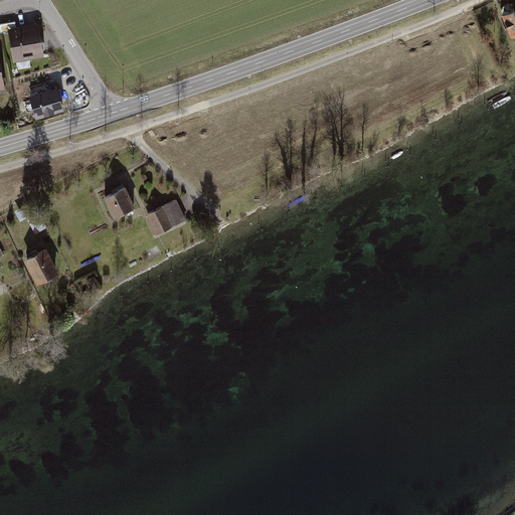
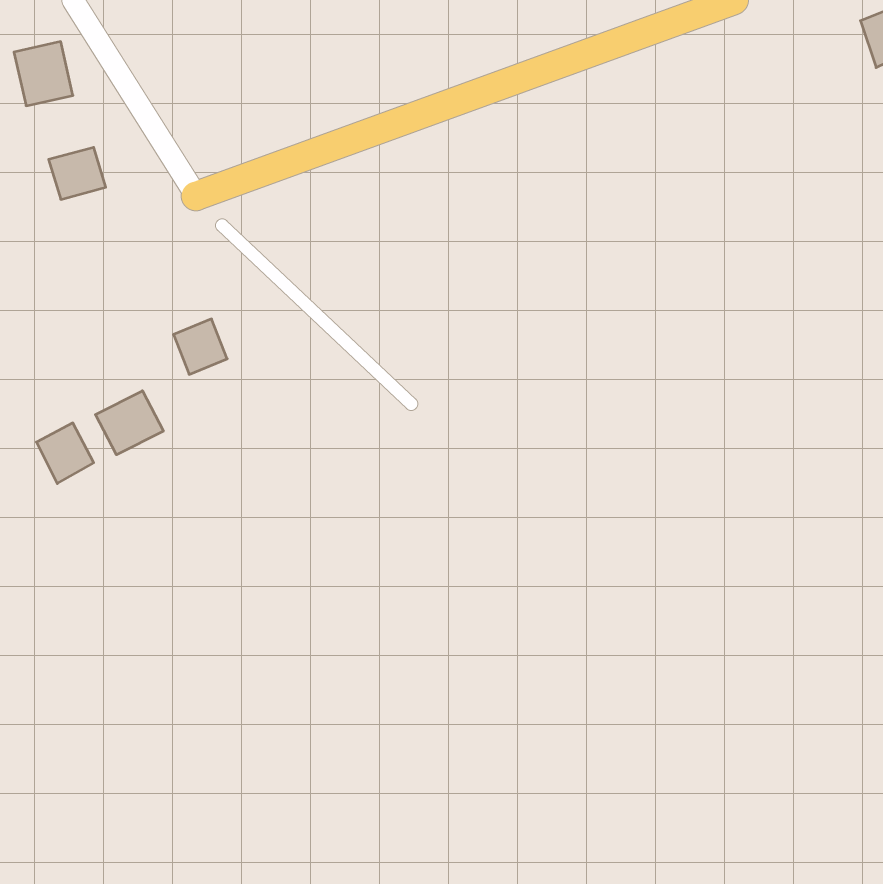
building: [147,200,189,239] -> none
building: none -> [95,391,163,455]

